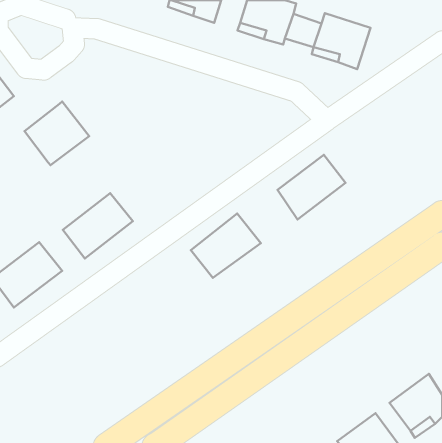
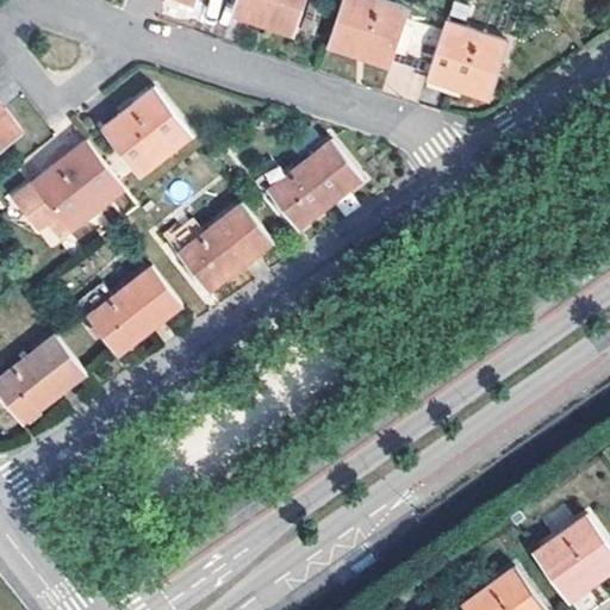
building: none -> [107,86,194,174]
building: none -> [14,183,66,235]
building: [277,155,346,220] -> [267,143,360,231]
building: [191,213,261,278] -> [175,204,270,292]

